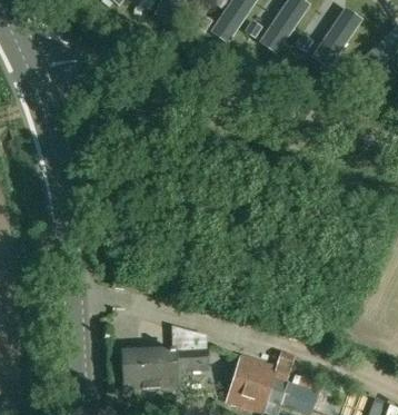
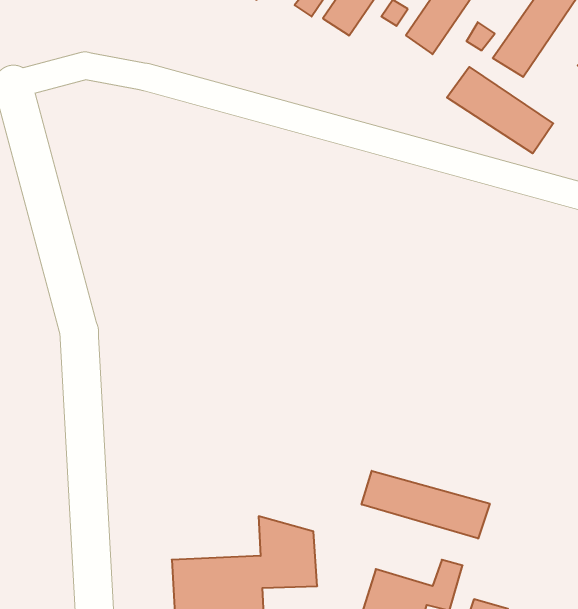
building: none -> [447,67,553,153]
building: none -> [362,471,490,539]

